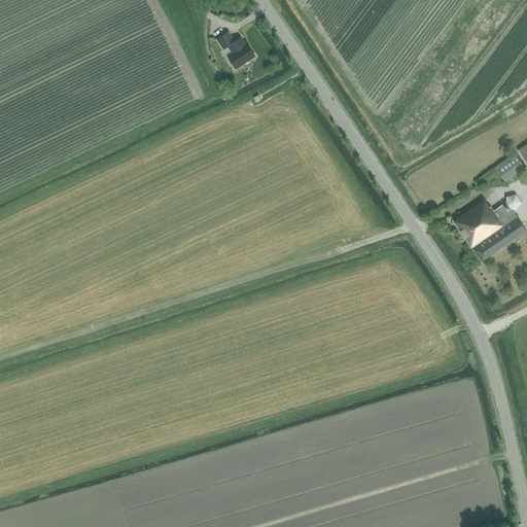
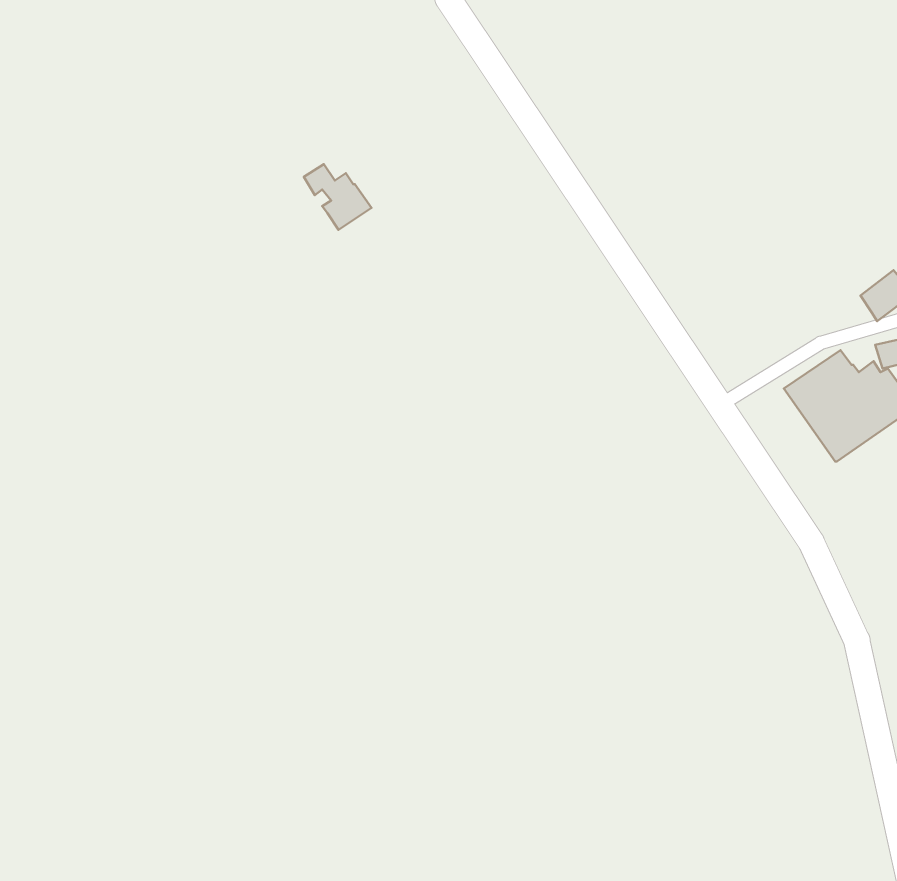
building: [217,32,255,69] -> [304,164,371,230]

